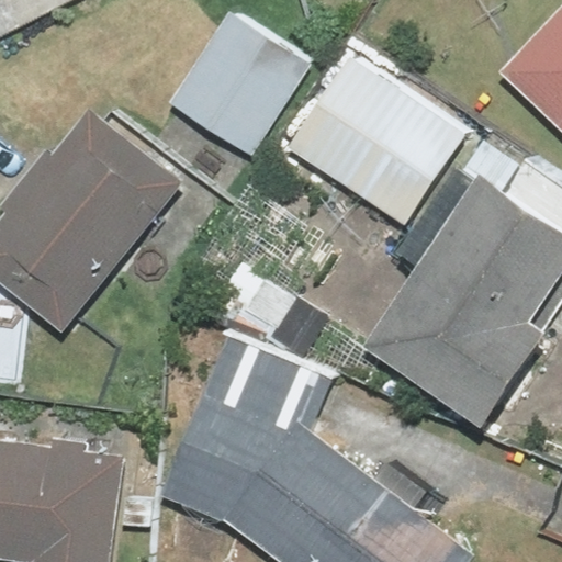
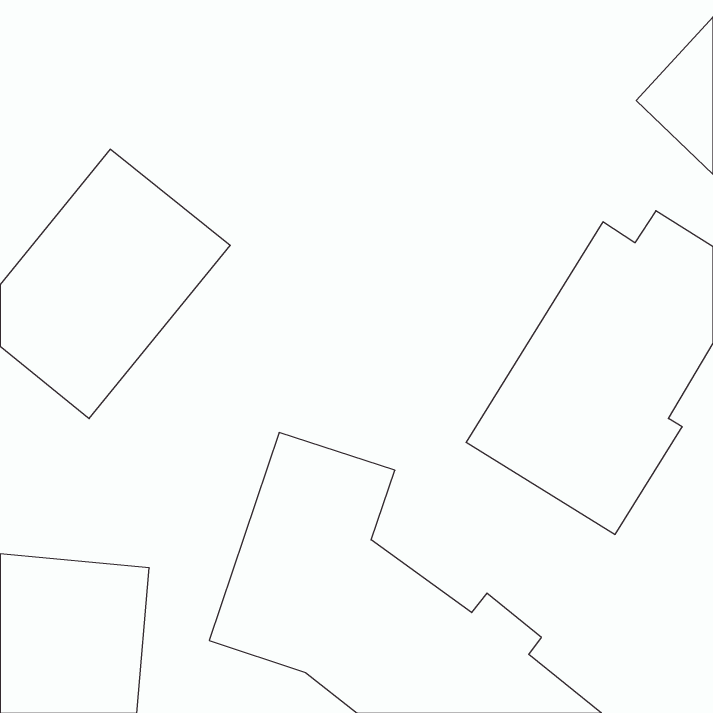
building: [175,14,306,149] -> none
building: [284,52,463,223] -> none

